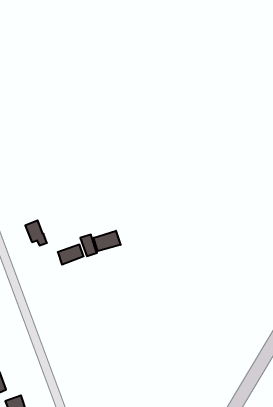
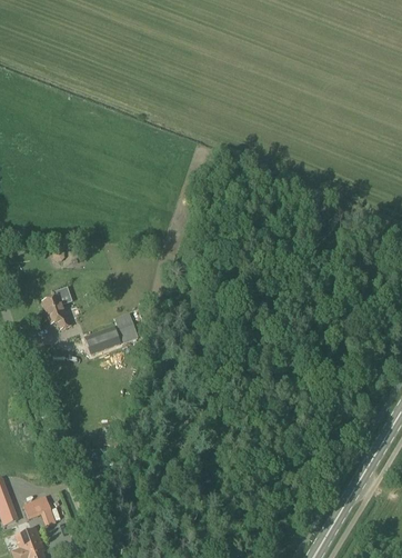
building: [94,231,121,251] -> none
building: none -> [23,496,57,526]

